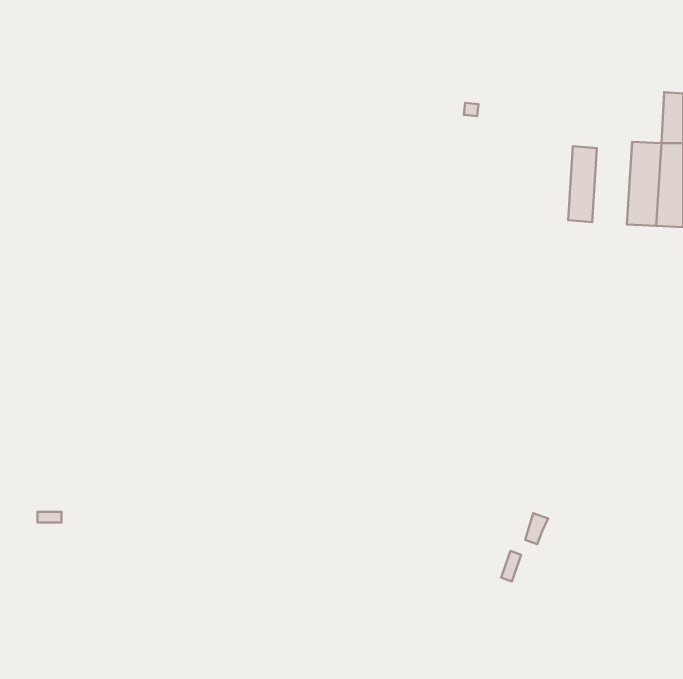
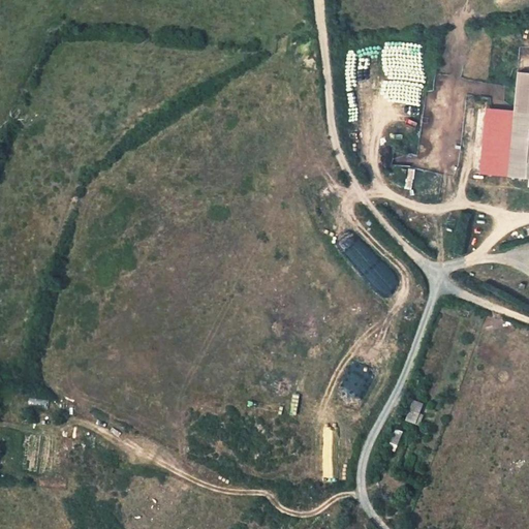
building: [568,146,597,222] -> none

